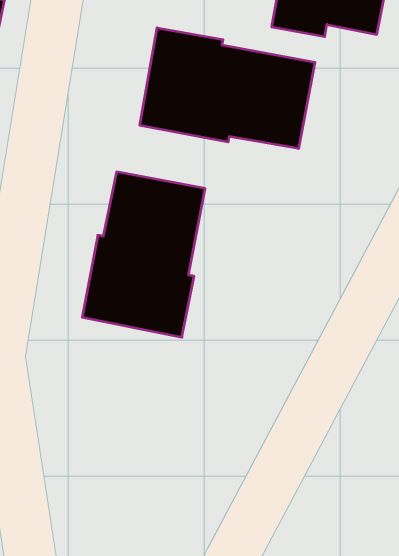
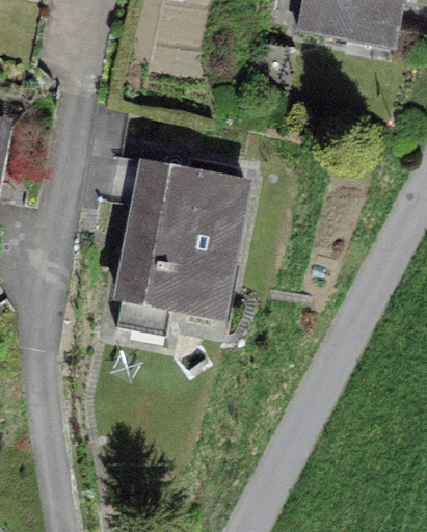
building: [140,28,315,149] -> none

